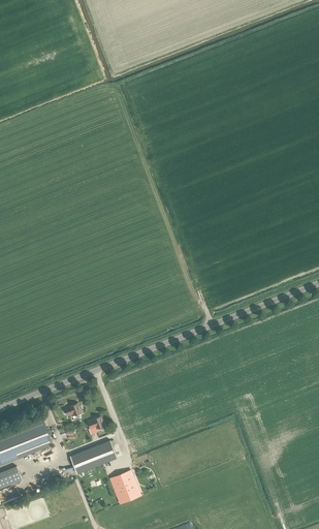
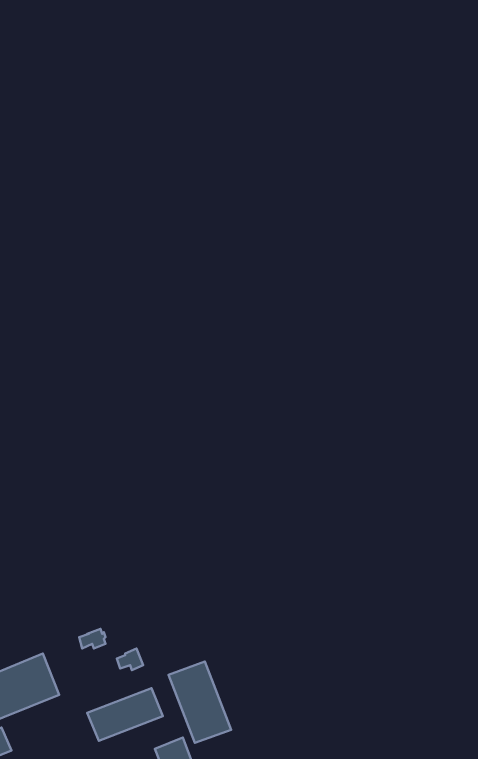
building: none -> [168,662,231,743]

